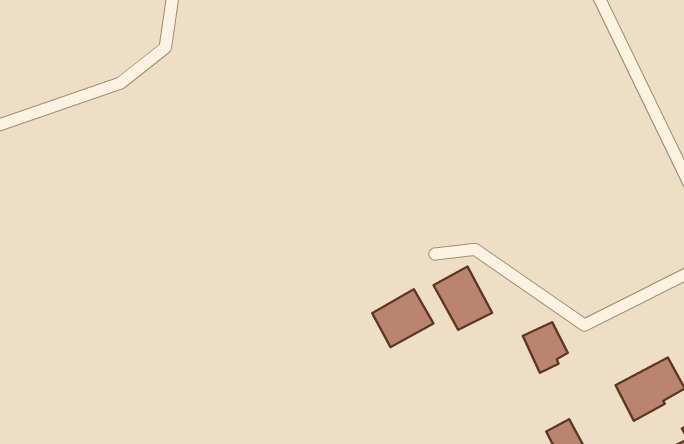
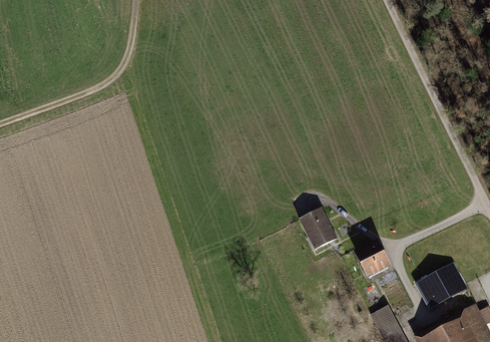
building: [372,289,433,347] -> none

